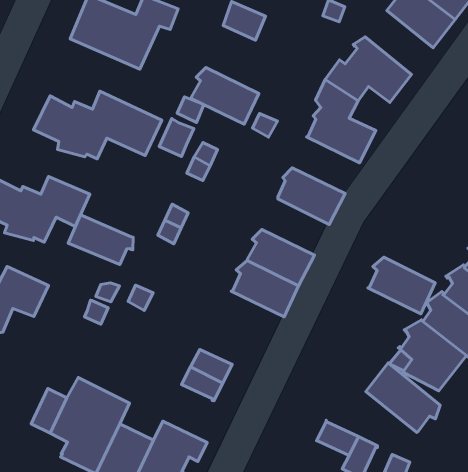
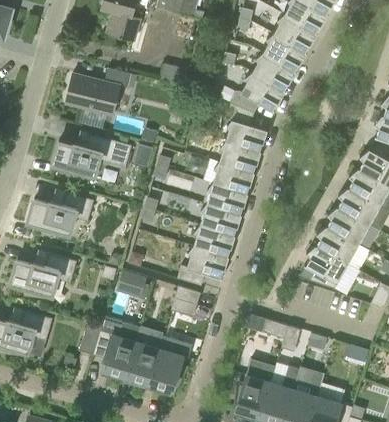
building: none -> [252,53,296,91]
building: [191,68,259,124] -> [219,141,261,173]
building: [68,215,133,265] -> none
building: [368,257,435,314] -> [206,183,248,215]
building: none -> [178,246,229,285]
building: none -> [117,269,148,296]
building: [366,363,440,433] -> none

